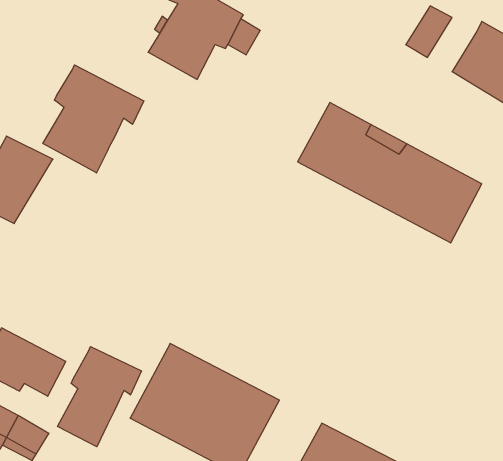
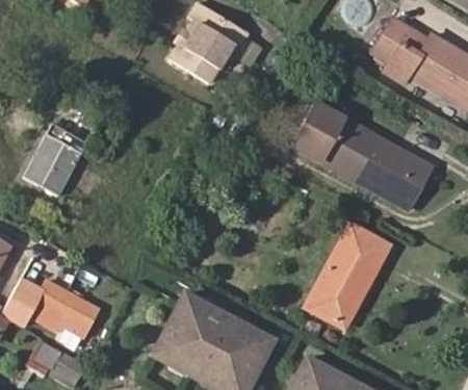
building: none -> [392,30,432,74]
building: [43,65,144,173] -> none
building: none -> [307,225,390,329]
building: [58,347,142,447] -> none

